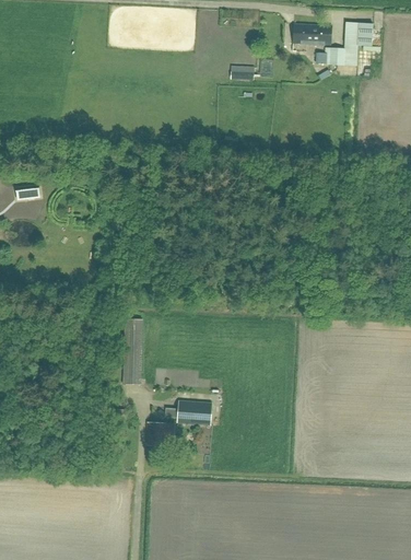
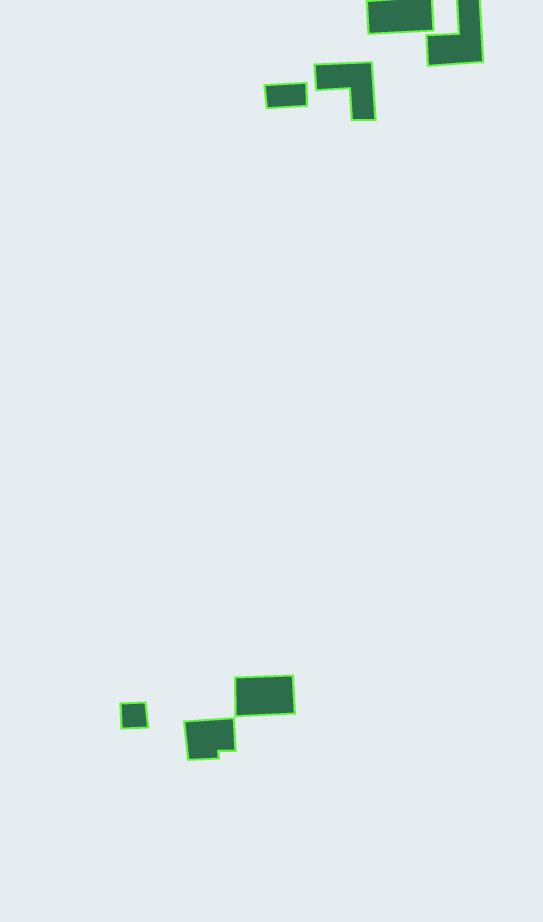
building: none -> [314,62,375,120]
building: [122,318,142,383] -> none

